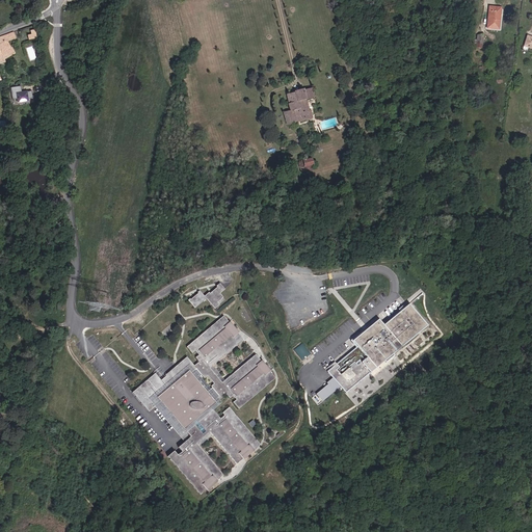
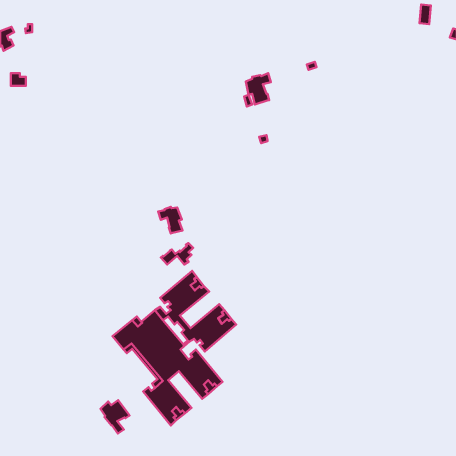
building: none -> [158,207,182,234]
building: [328,302,429,392] -> none
building: none -> [100,400,130,433]

